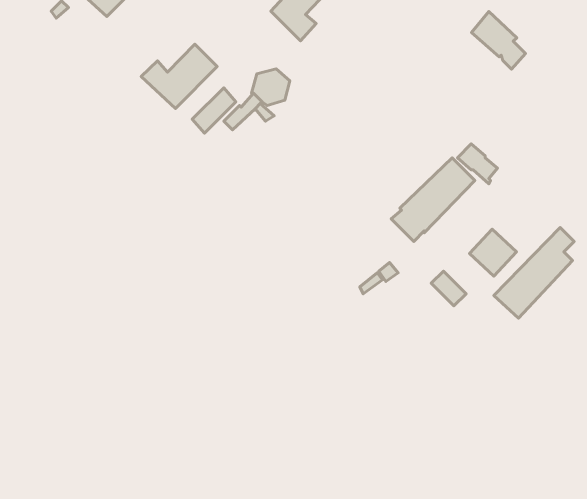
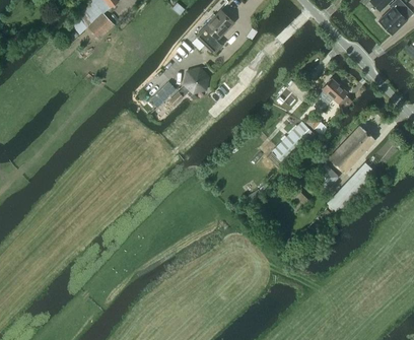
building: [471,12,525,69] -> [321,76,352,110]
building: [141,44,217,108] -> none
building: none -> [328,125,375,172]

